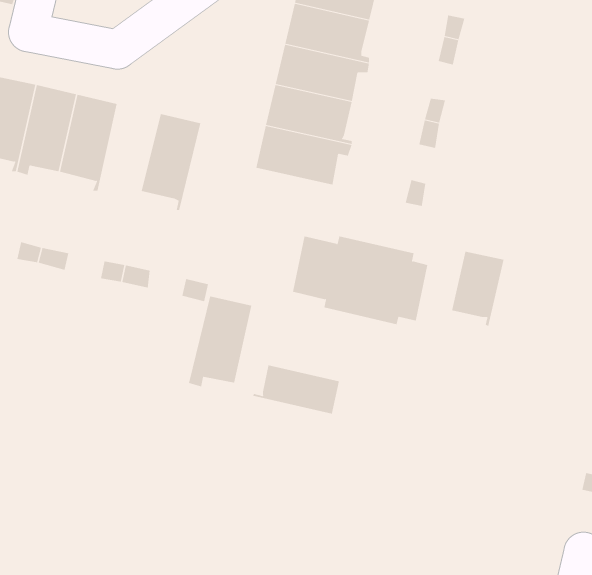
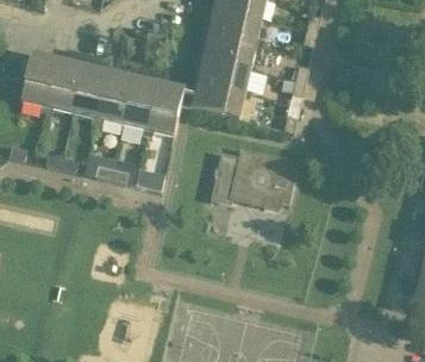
building: none -> [94,68,132,124]
building: [451,251,504,327] -> none
building: [188,296,252,387] -> [144,80,183,136]
building: [252,365,339,415] -> none

